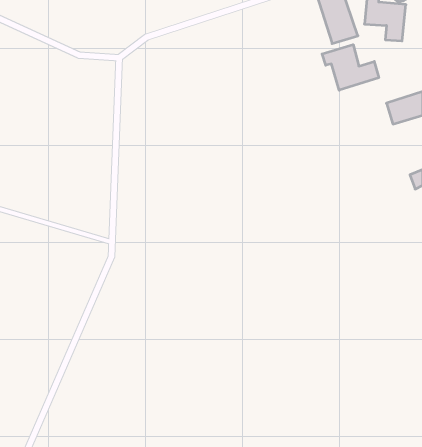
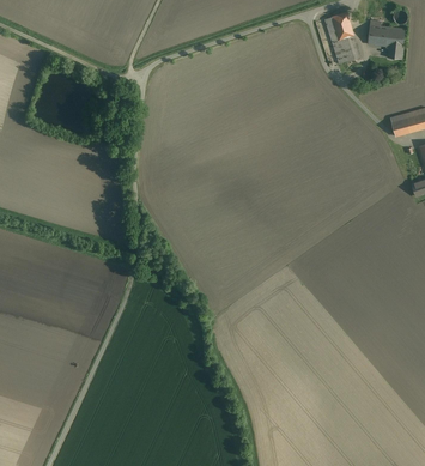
building: [322,45,379,90] -> none

